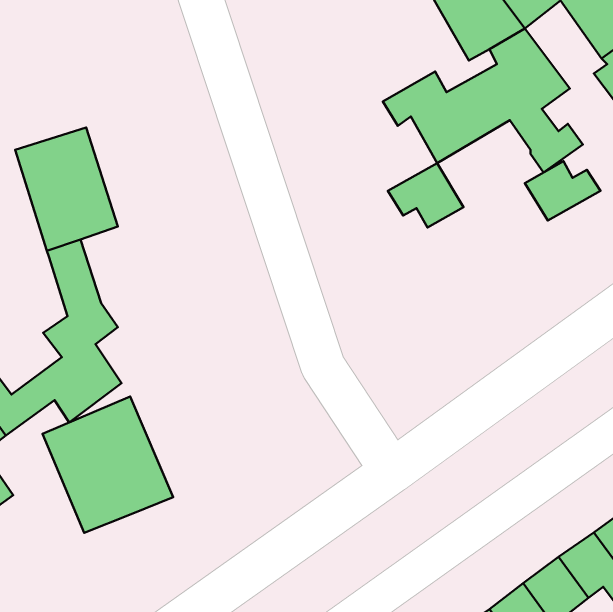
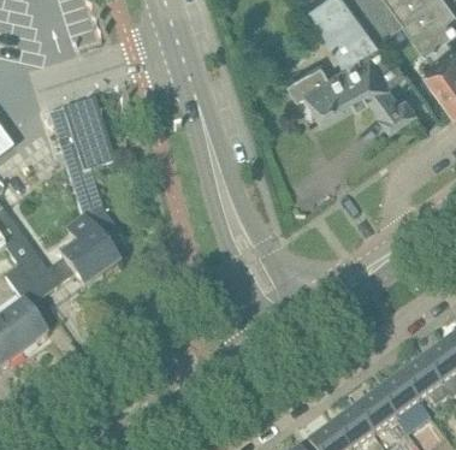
building: [525,161,600,221] -> none
building: [388,163,463,228] -> none
building: [43,397,173,533] -> none

